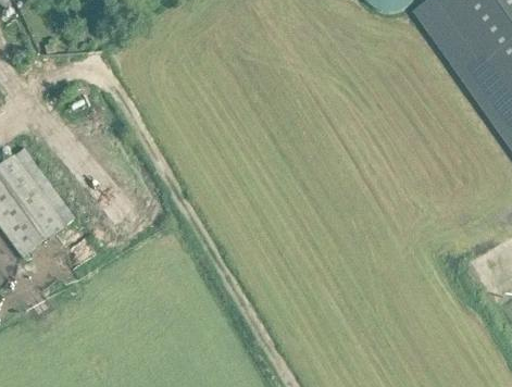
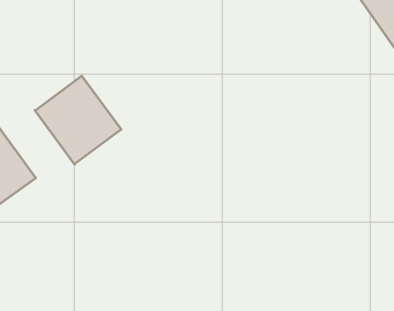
building: none -> [35,76,121,164]

